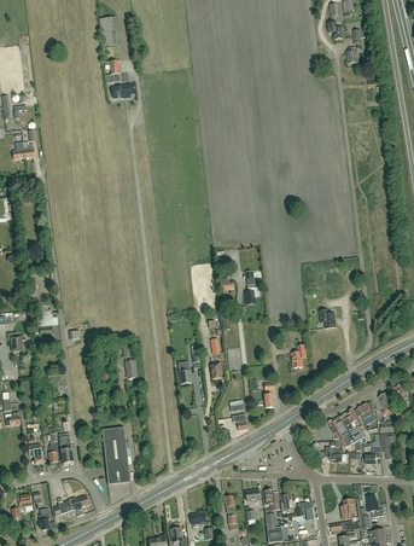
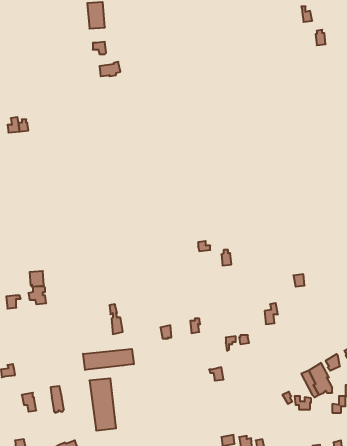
building: none -> [83,349,134,370]

